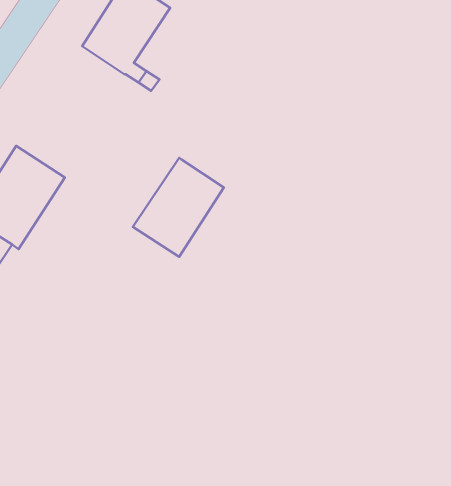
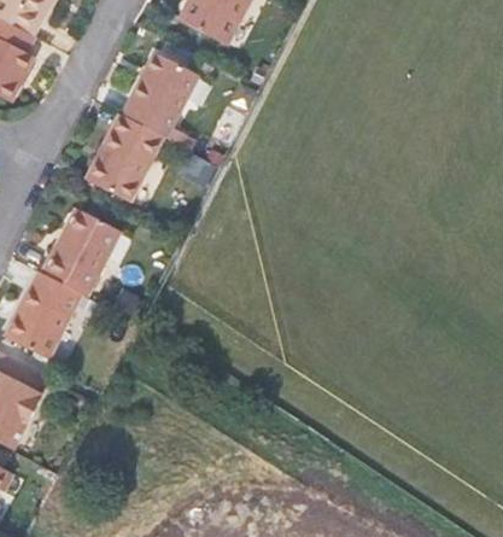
building: [133,158,224,257] -> [86,111,162,198]

